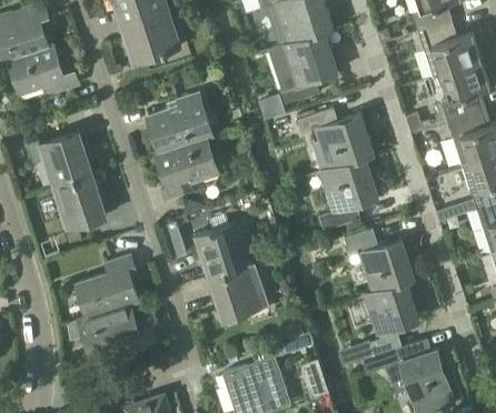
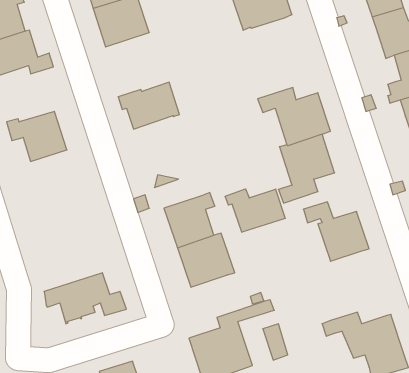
building: [278,32,337,104] -> none
building: [153,137,217,187] -> none
building: [52,173,105,229] -> none
building: none -> [225,189,285,232]
building: [76,255,138,318] -> none
building: [363,281,419,355] -> none

